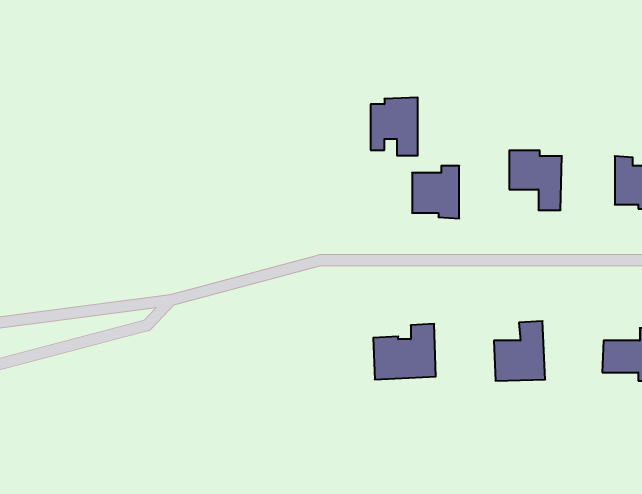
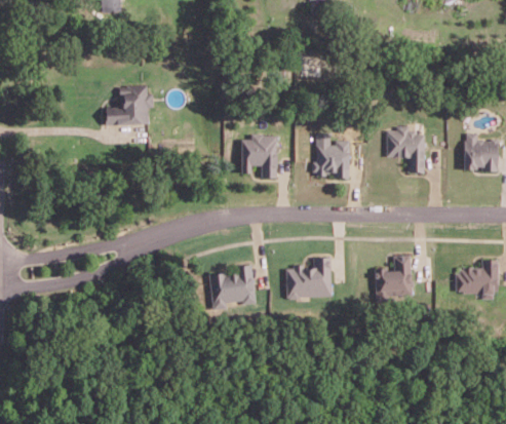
building: none -> [105,87,150,125]
building: [371,97,418,156] -> [241,134,276,178]
building: none -> [208,265,255,310]

